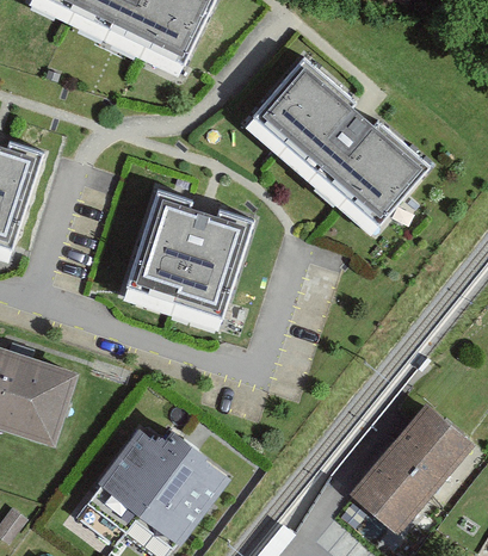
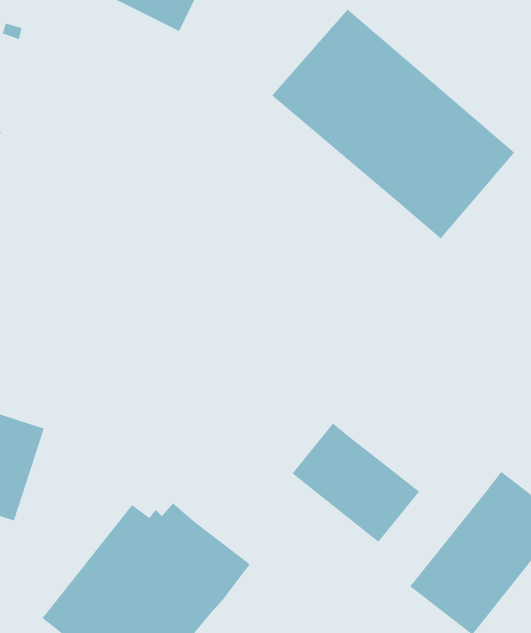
building: [122,190,253,330] -> none
building: none -> [291,422,420,543]

